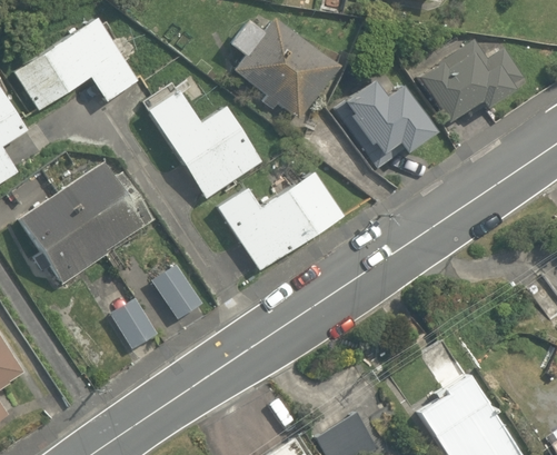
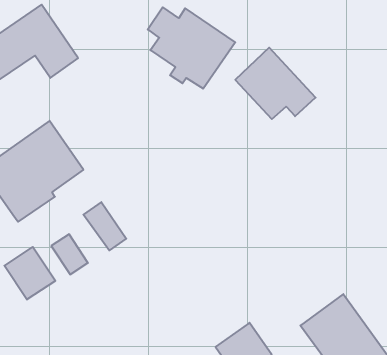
building: [412,36,520,121] -> none
building: [145,85,263,200] -> none
building: [216,166,345,268] -> none
building: none -> [4,247,55,300]

